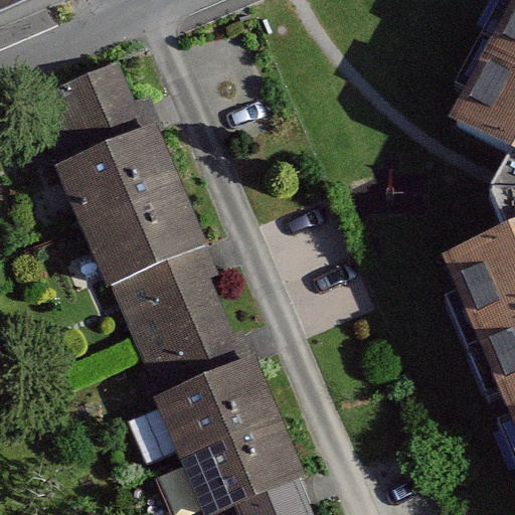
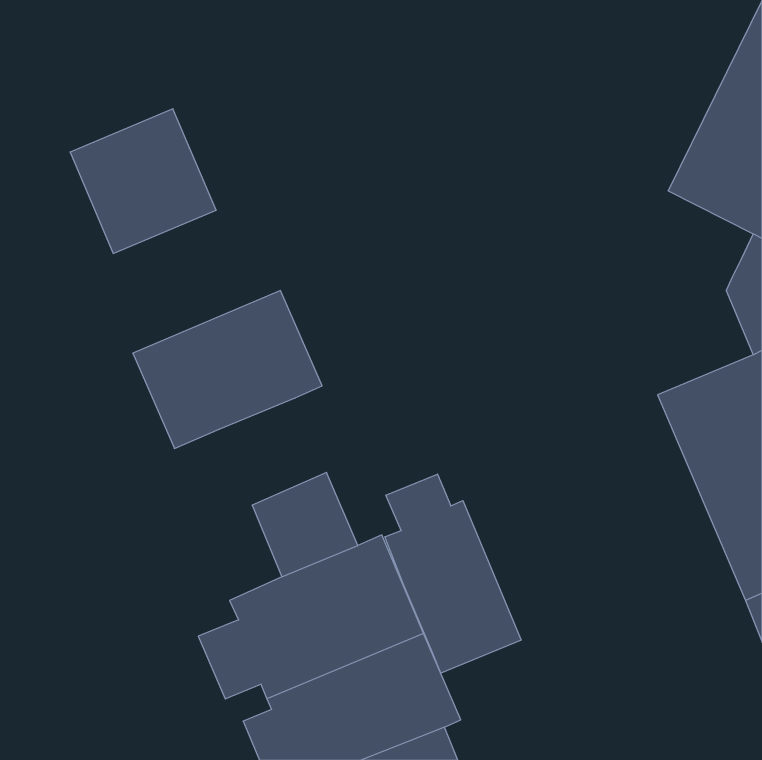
building: [63,135,189,238] -> none
building: [148,269,220,341] -> none
building: none -> [385,474,521,673]

